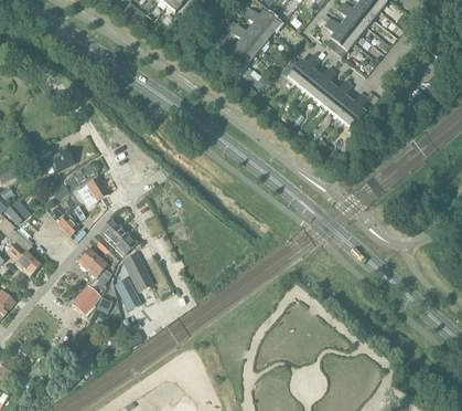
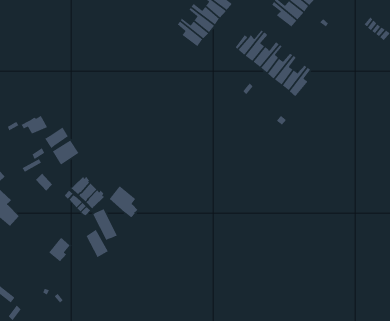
building: [79,245,112,283] -> [109,185,138,219]

